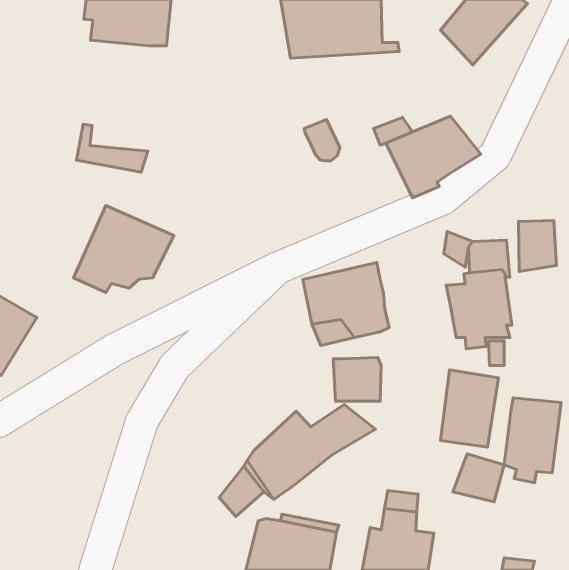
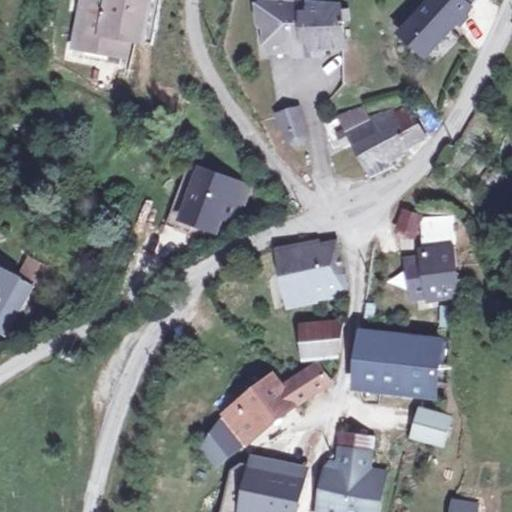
building: [76,124,148,172] -> [69,17,133,60]
building: [73,205,174,293] -> [164,158,254,236]
building: [519,220,556,271] -> none
building: [504,398,561,483] -> [351,327,402,403]

